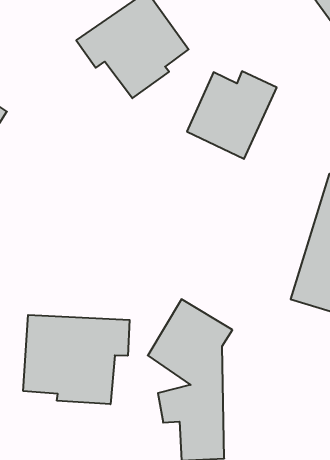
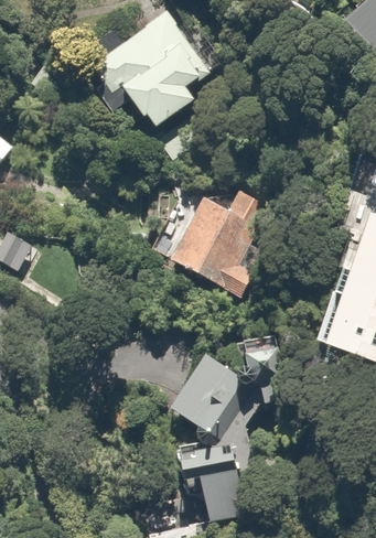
building: [187,71,277,159] -> [170,193,267,288]
building: [23,315,130,404] -> none

